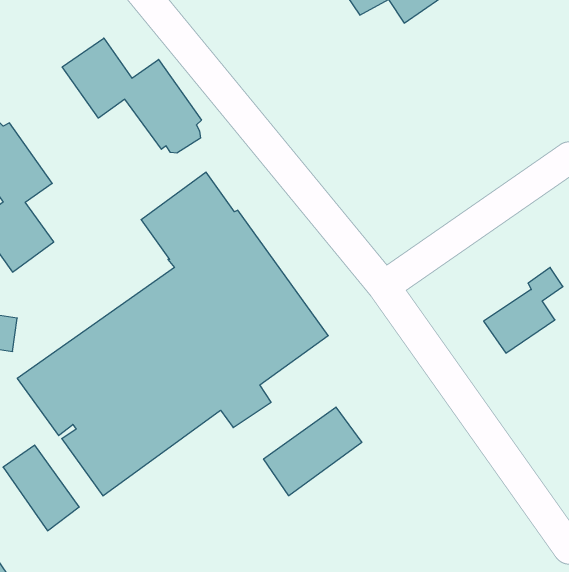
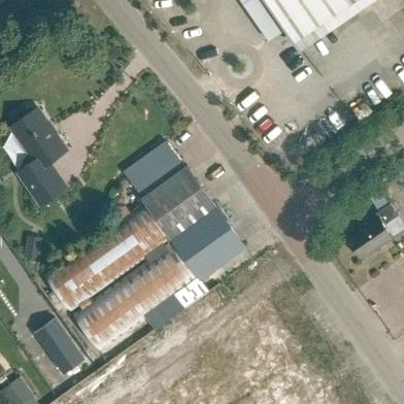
building: [62,38,201,153] -> none
building: [264,407,362,496] -> none

